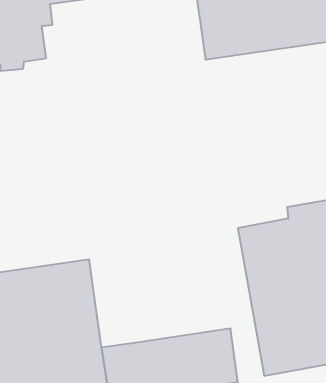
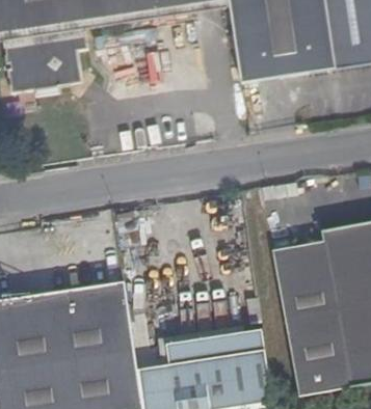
building: none -> [165,330,265,364]

